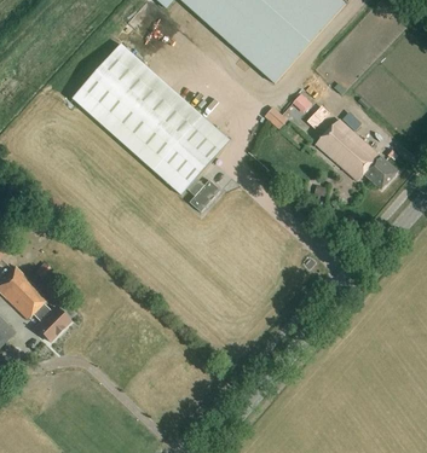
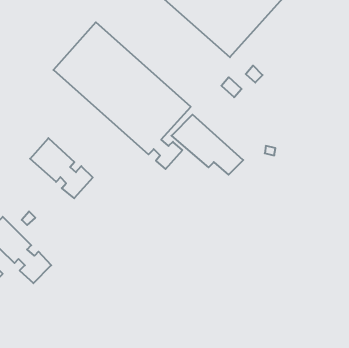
building: [315,118,397,187] -> [171,115,243,175]
building: none -> [30,138,93,198]

